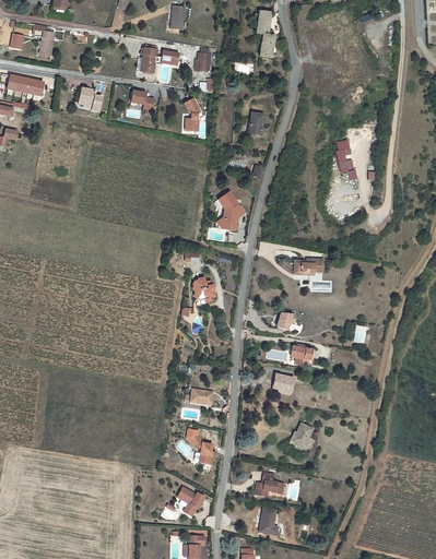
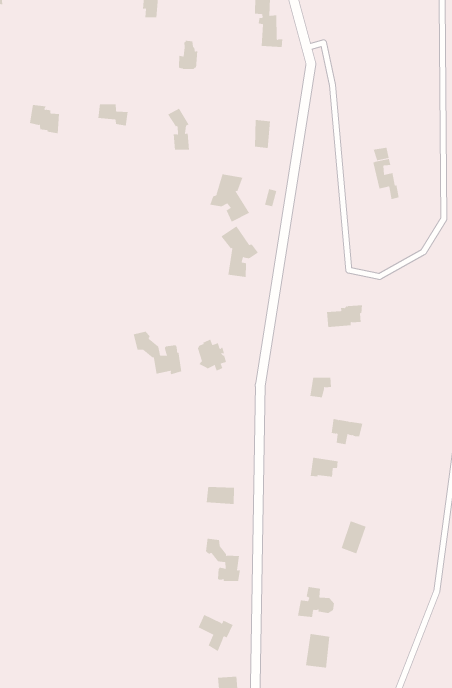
building: [141,47,178,72] -> none
building: none -> [209,173,250,223]
building: none -> [133,331,182,375]

